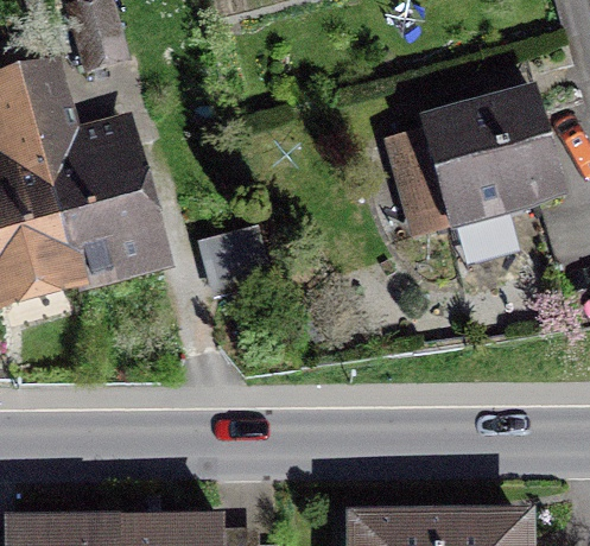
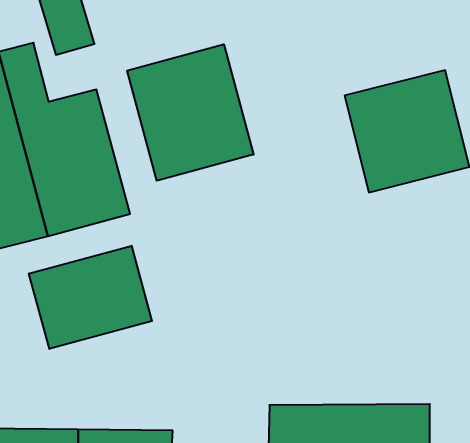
building: none -> [127,44,254,181]
building: none -> [29,246,152,349]

